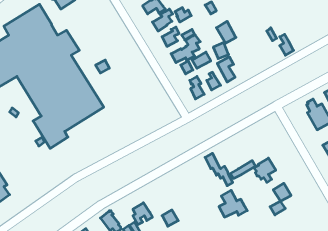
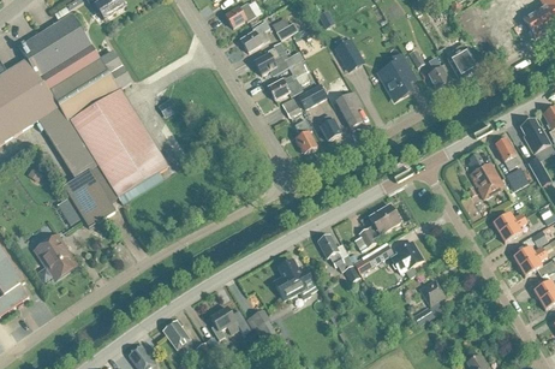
building: none -> [448,42,479,79]
building: none -> [380,54,412,99]
building: none -> [359,204,400,248]
building: none -> [36,236,72,278]
building: [219,190,247,217] -> [275,260,317,299]

